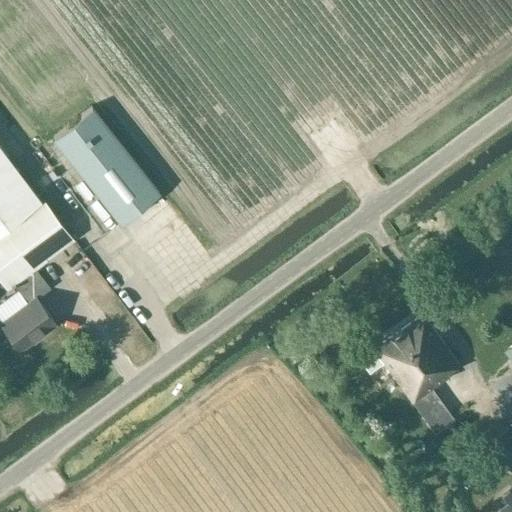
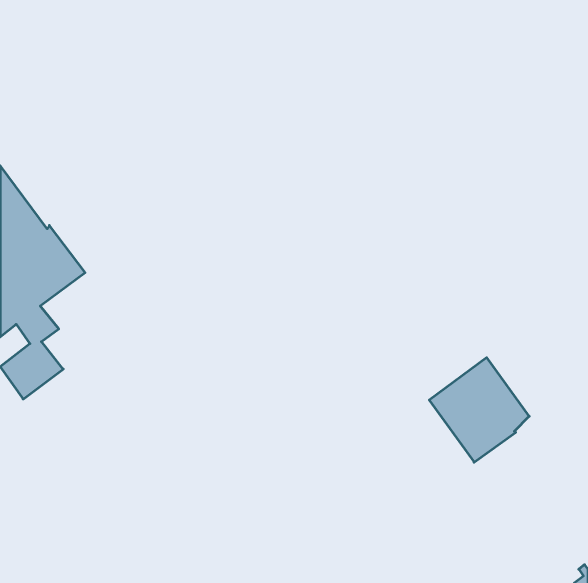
building: [53,108,160,226] -> none
building: [417,400,451,434] -> none

